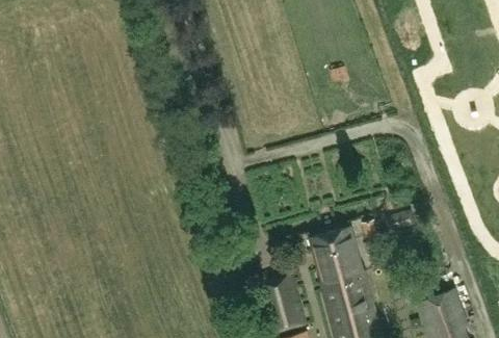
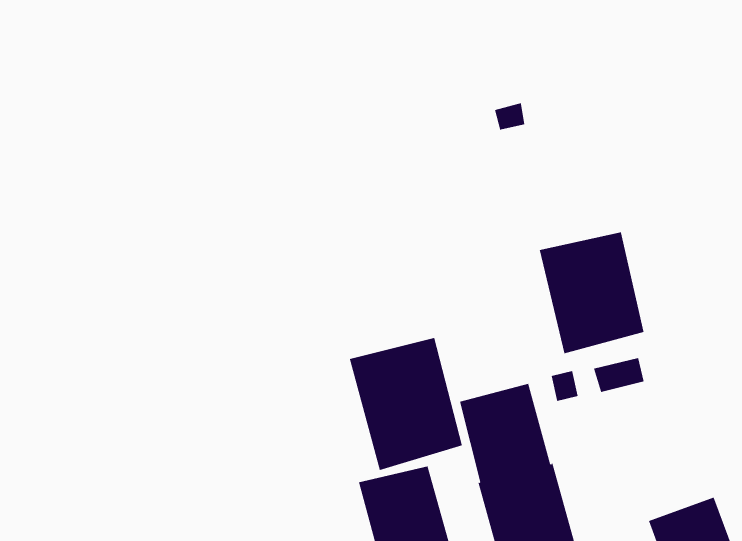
building: none -> [539,231,644,354]
building: none -> [349,337,462,471]

